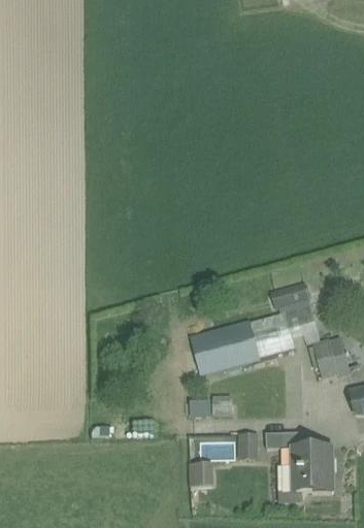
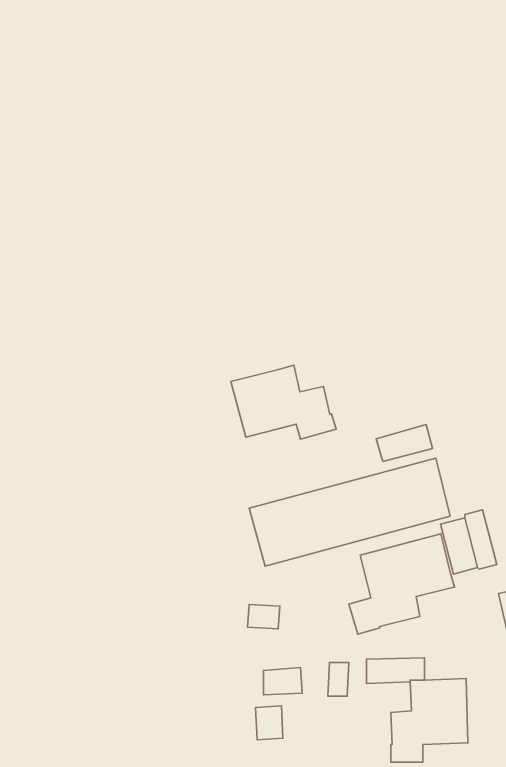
building: none -> [231,365,336,439]
building: none -> [349,534,455,634]

